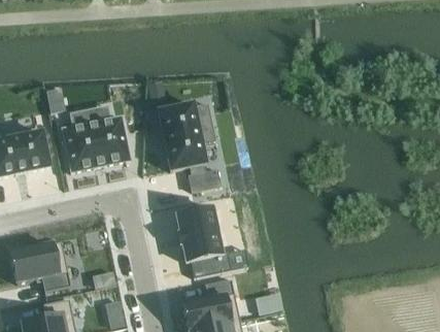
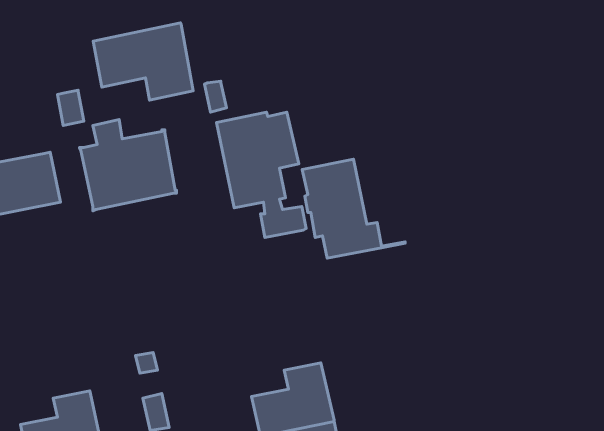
building: none -> [93,23,193,100]
building: [175,207,247,276] -> [302,159,405,258]
building: [9,240,70,291] -> none

